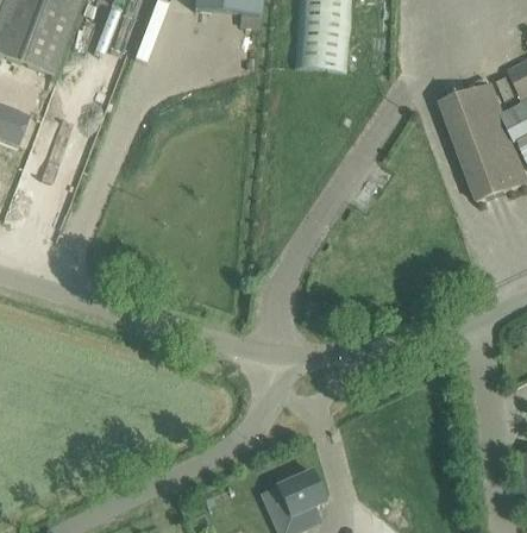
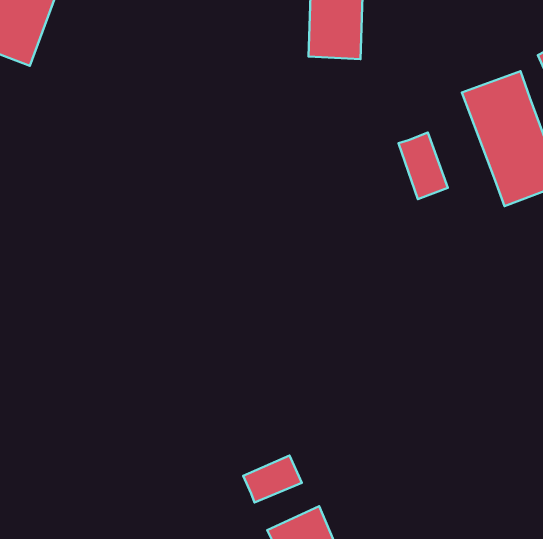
building: none -> [399,133,448,199]
building: none -> [243,456,302,502]

